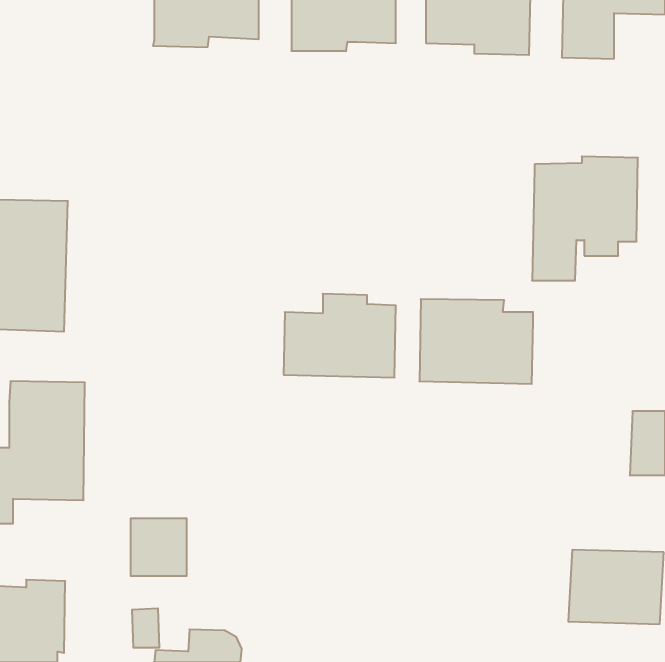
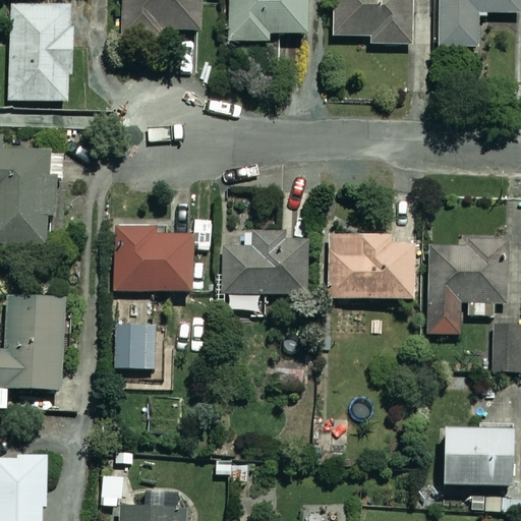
building: none -> [7,10,75,106]
building: [532,156,638,281] -> [426,236,509,333]
building: none -> [113,224,193,292]
building: [131,518,187,576] -> [116,324,160,368]

